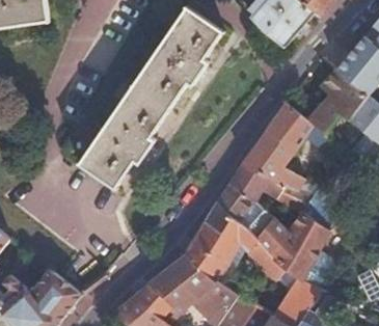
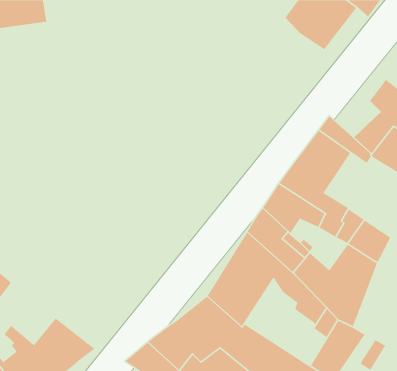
building: [80,6,223,187] -> none

